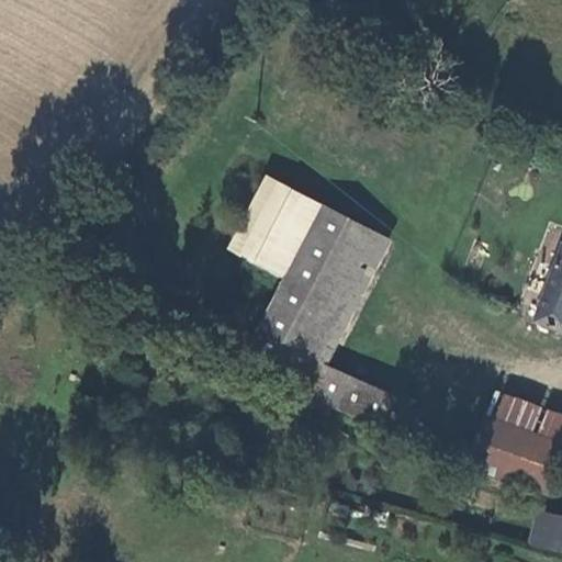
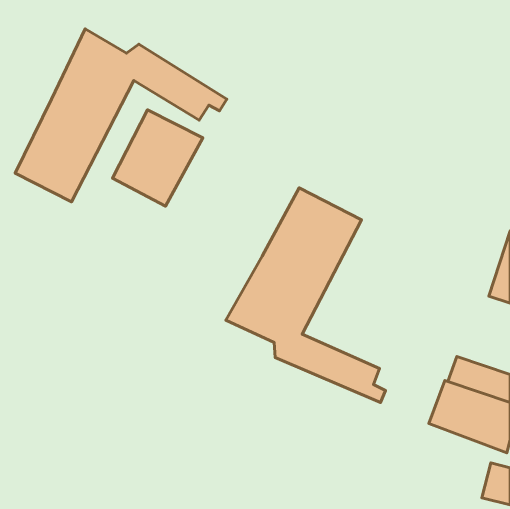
building: none -> [15,29,227,202]
building: [228,175,327,280] -> [112,110,203,206]

